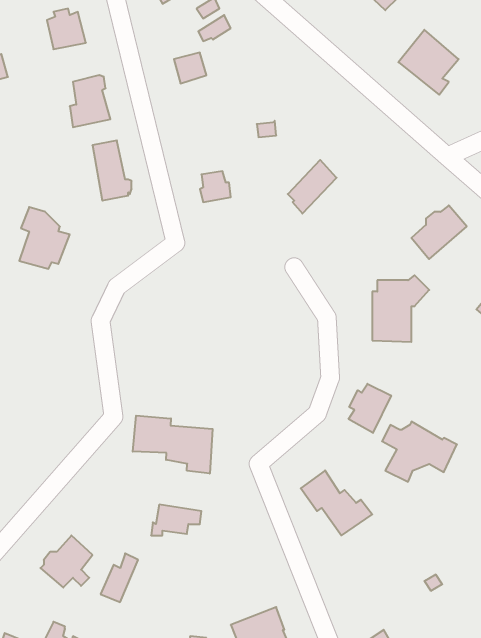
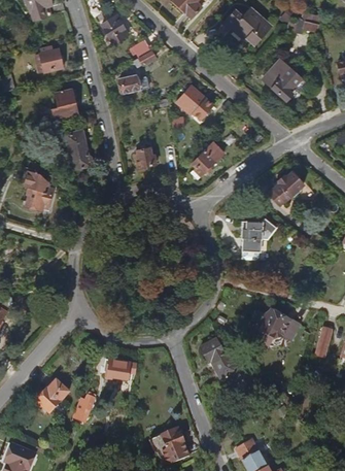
building: none -> [175,85,212,119]
building: [349,384,391,433] -> none
building: [133,416,213,474] -> none

